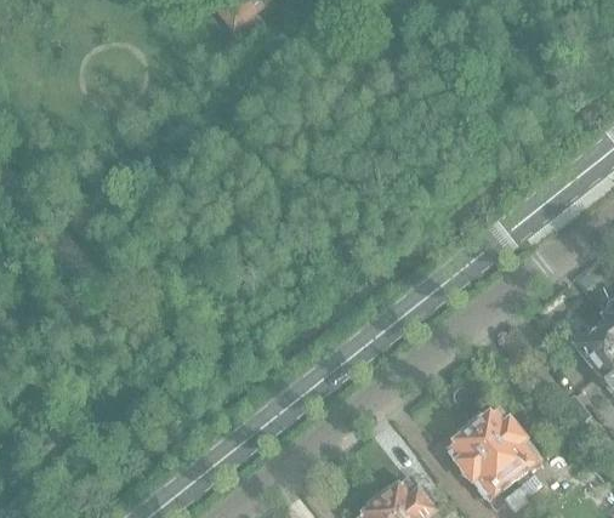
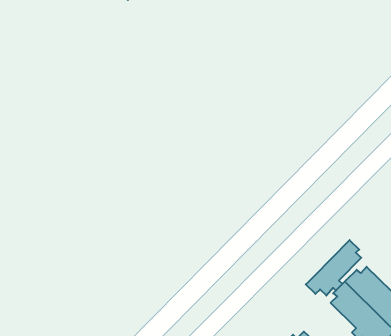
building: none -> [306,240,361,296]

